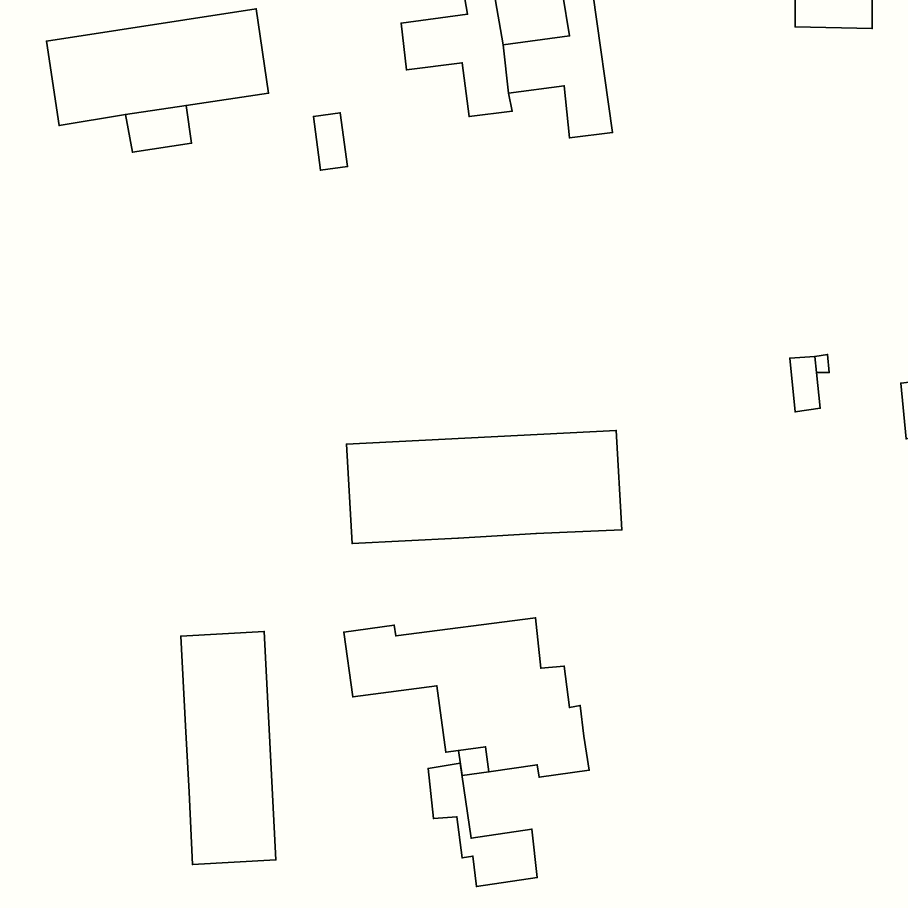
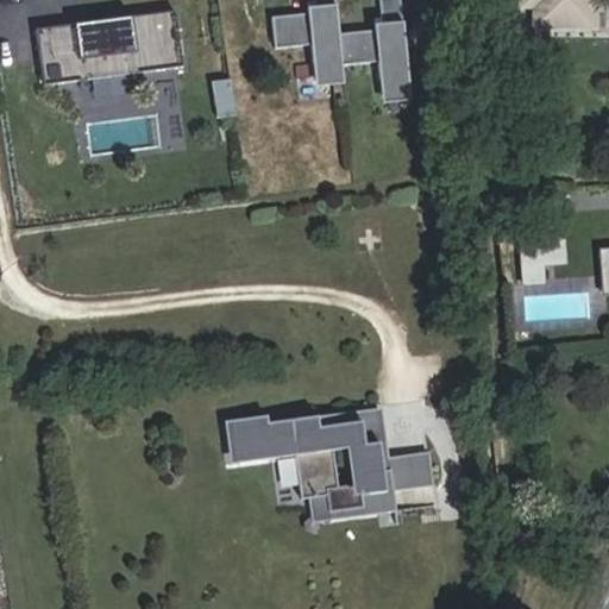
building: [347,431,622,544] -> none
building: [181,631,276,864] -> none
building: [428,763,537,887] -> [360,407,433,489]

